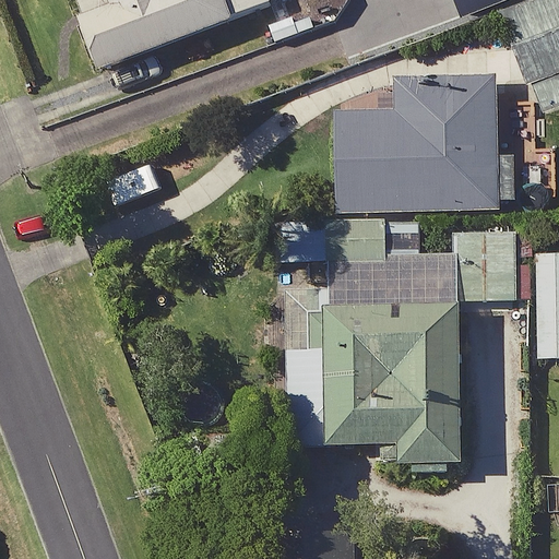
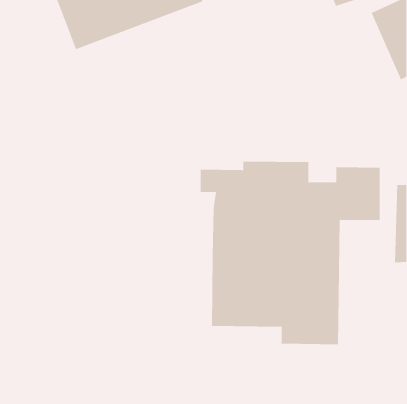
building: [337,76,496,210] -> none

